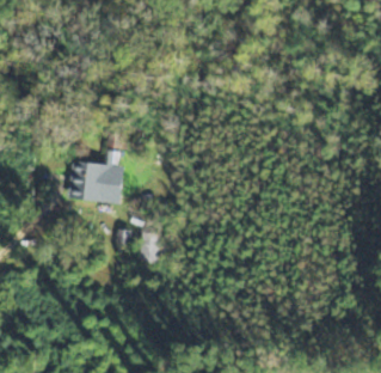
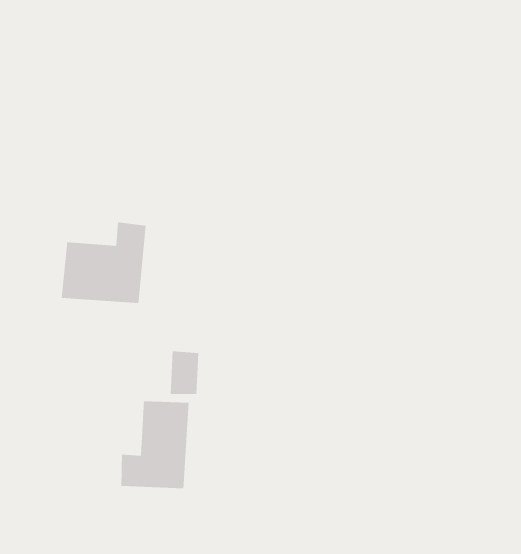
building: none -> [121,400,189,489]

